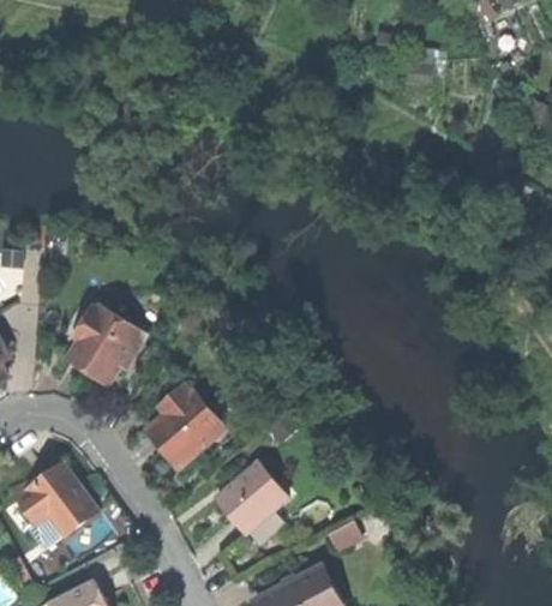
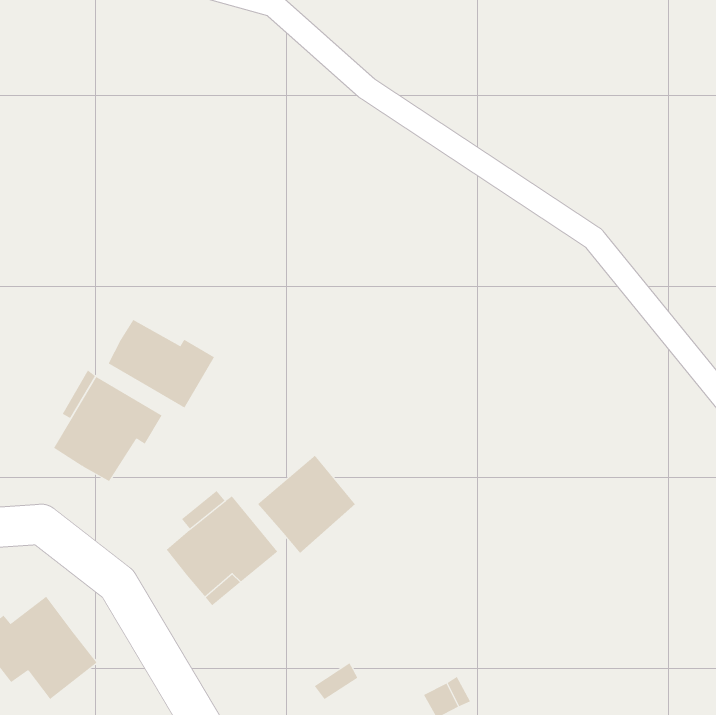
building: none -> [108,319,215,409]
building: [214,460,283,529] -> [257,455,356,554]

